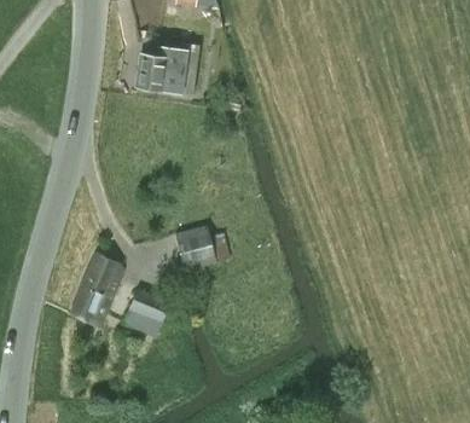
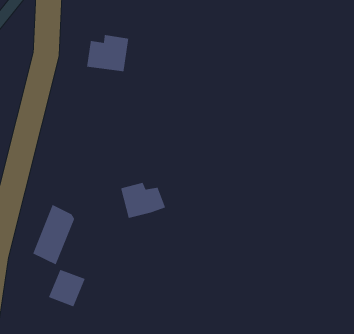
building: [123,289,169,336] -> [48,269,86,308]

